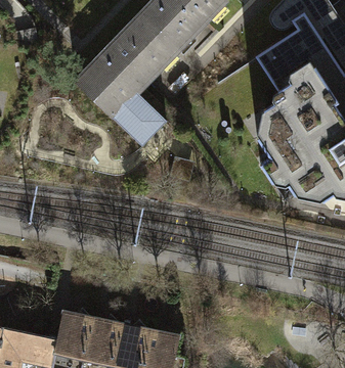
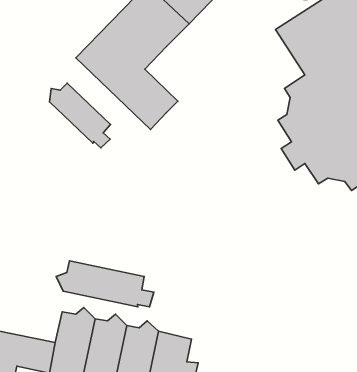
building: none -> [49,83,111,148]
building: none -> [56,261,154,307]

